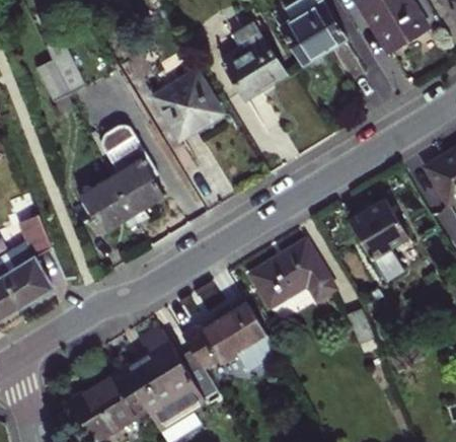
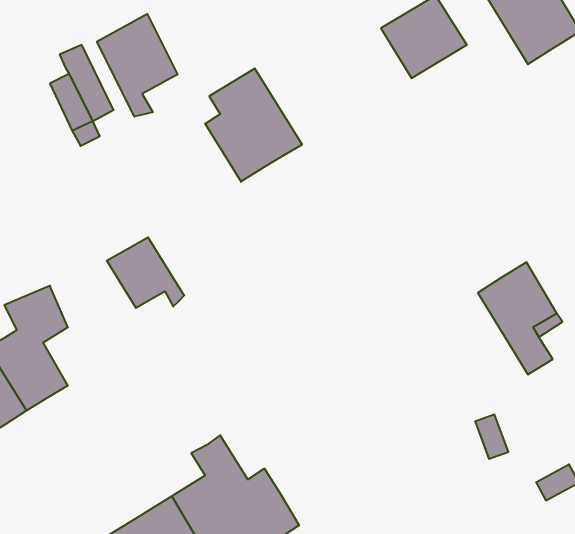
building: none -> [97,14,178,117]
building: [221,20,285,98] -> none
building: [105,136,163,222] -> none
building: [249,241,334,308] -> none
building: [185,296,281,371] -> none

